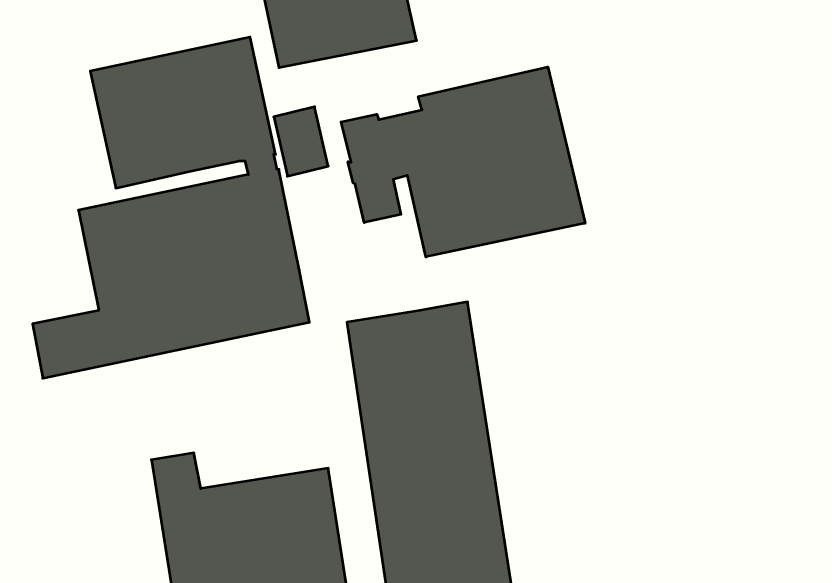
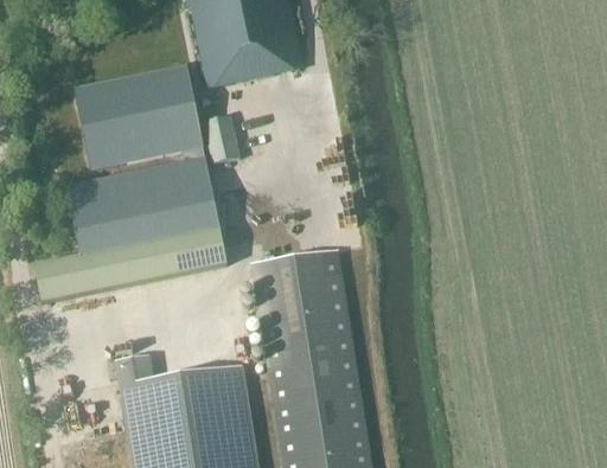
building: [341,67,585,257] -> none

